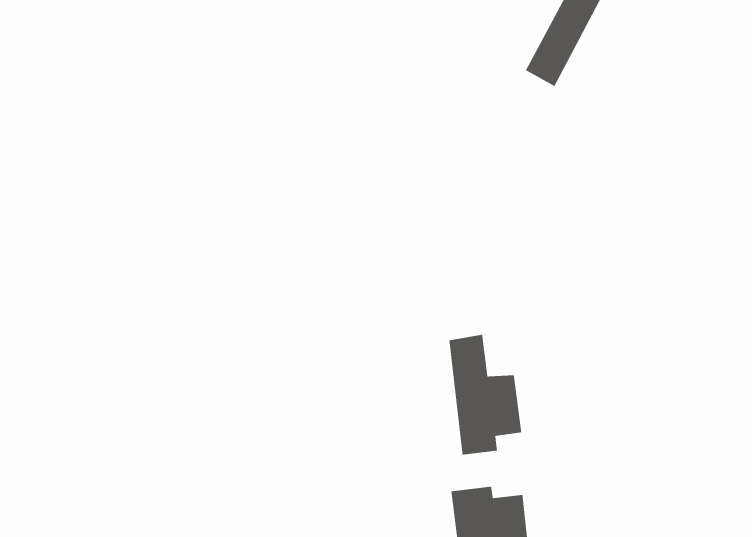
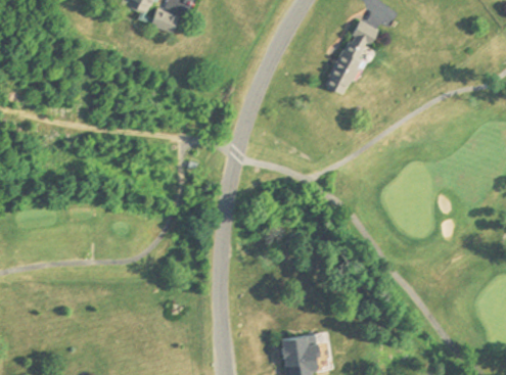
building: [449,334,522,455] -> none

